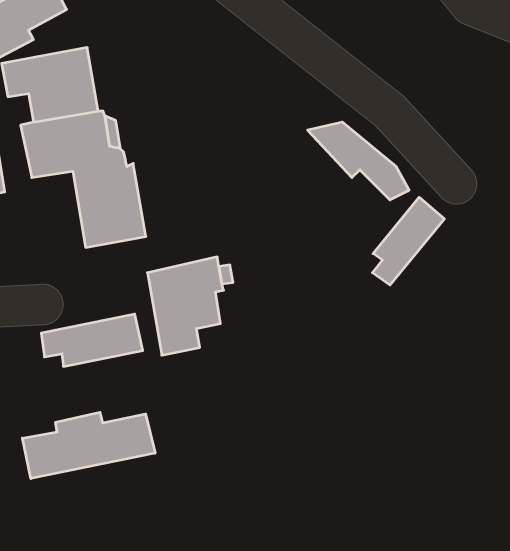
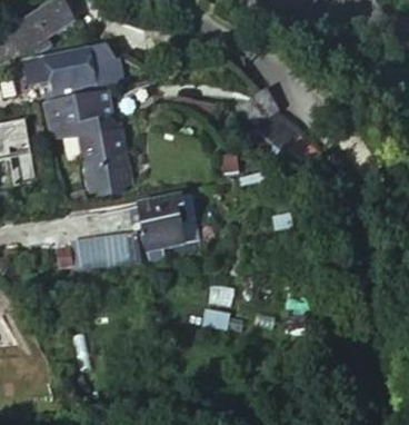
building: none -> [89,46,124,92]
building: [372,197,444,285] -> none
building: [22,412,155,479] -> none

